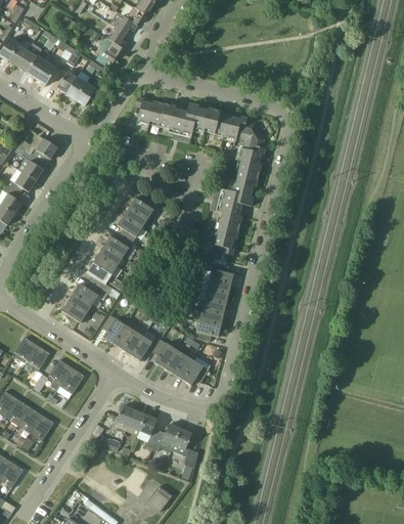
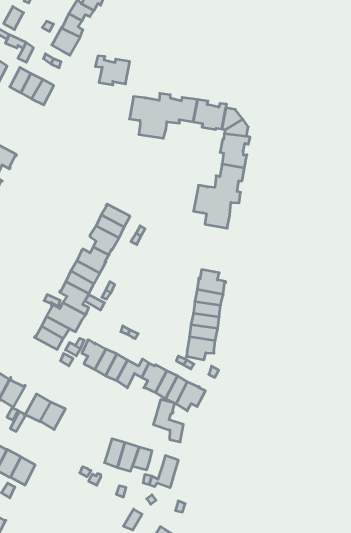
building: [135,96,166,123] -> [95,56,130,85]
building: [211,221,239,254] -> none
building: [172,428,198,467] -> [153,400,183,442]

